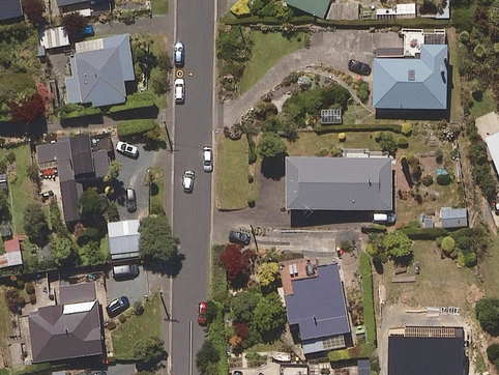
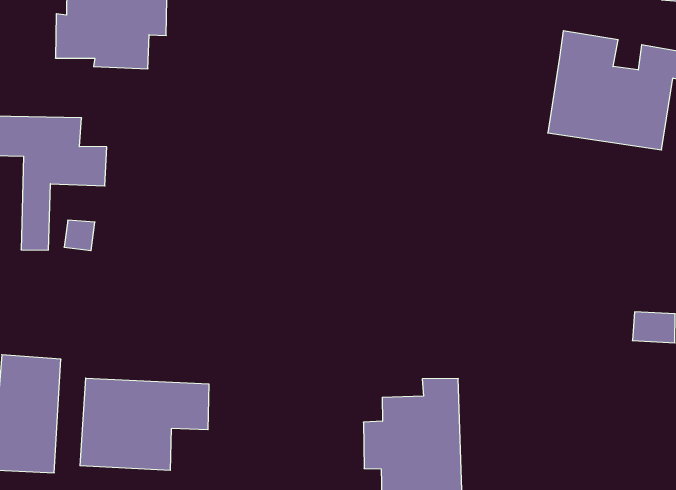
building: [286,157,392,208] -> none
building: [108,219,142,253] -> none
building: none -> [80,378,209,470]

